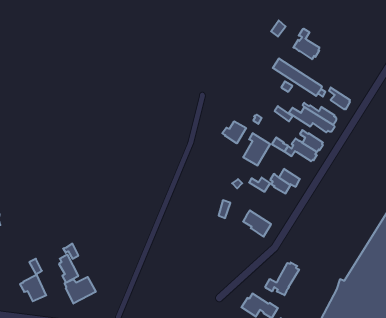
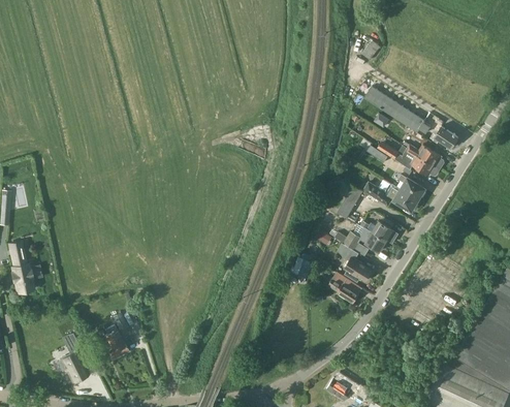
building: [293,29,319,59] -> none
building: [222,121,246,143] -> none
building: none -> [337,244,372,283]
building: [265,262,299,295] -> none
building: [65,277,96,304] -> none

